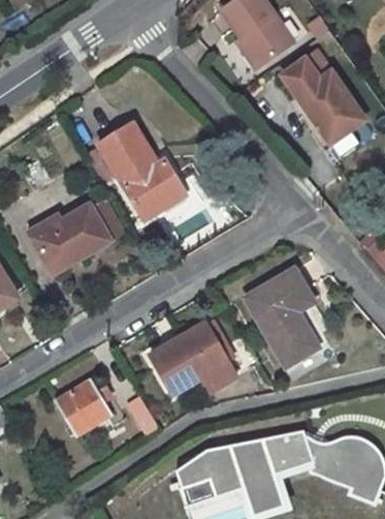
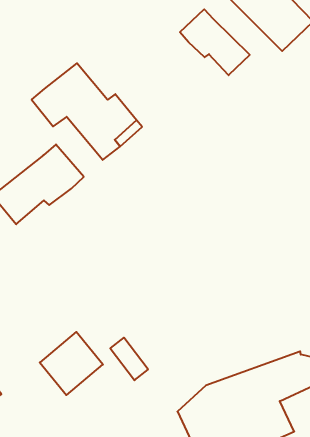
building: none -> [180,9,250,75]
building: [246,270,318,366] -> none
building: [153,328,228,394] -> none

